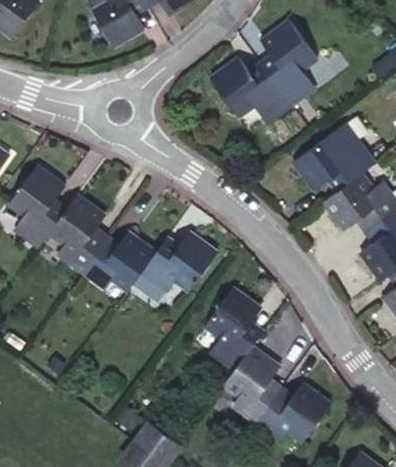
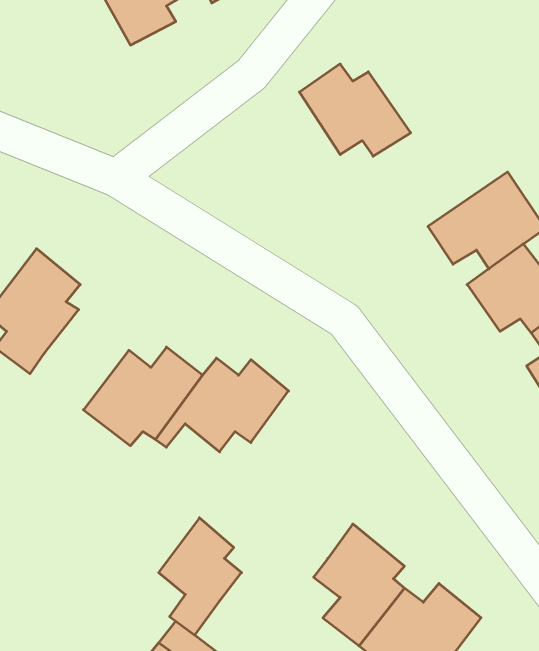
building: [261,16,323,95] -> none
building: [50,204,106,275] -> none
building: [211,296,265,372] -> [159,518,242,635]

